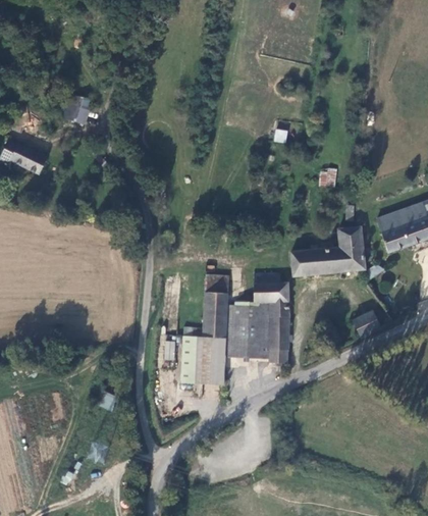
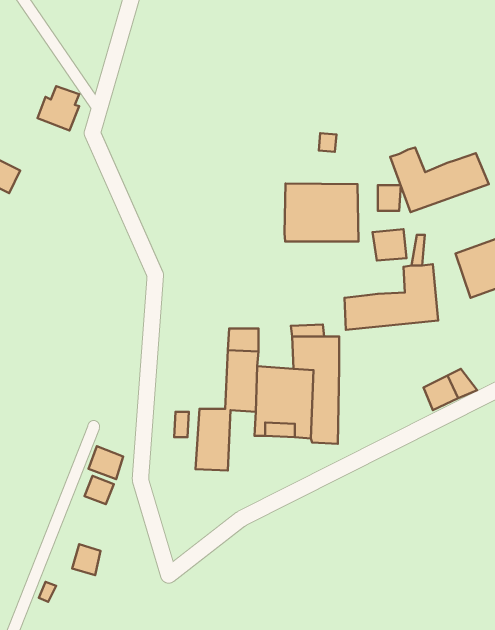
building: none -> [390,148,489,212]
building: none -> [285,184,358,242]
building: none -> [372,229,407,261]
building: [204,339,225,385] -> none
building: none -> [89,446,123,479]

